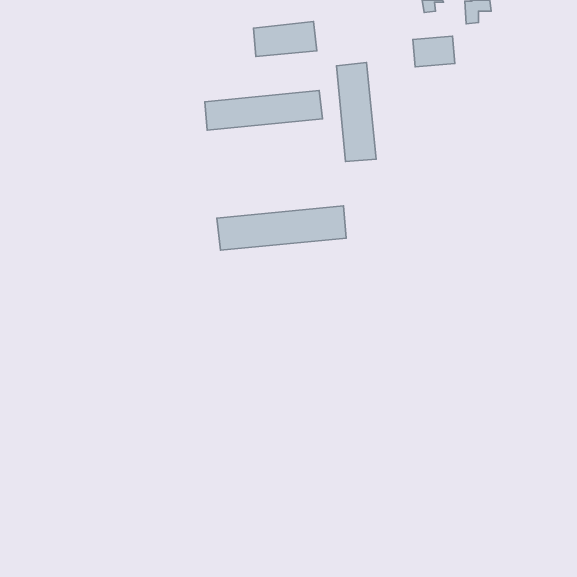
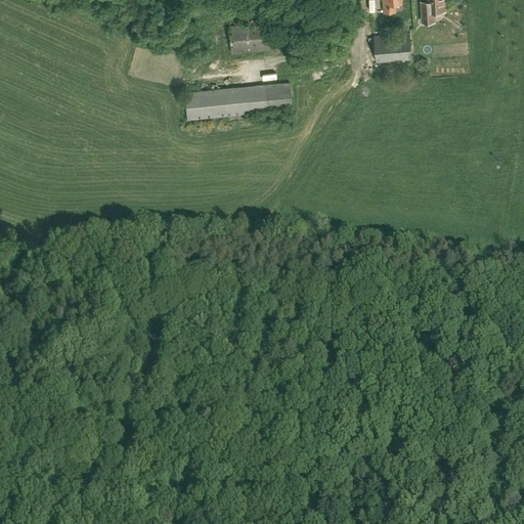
building: [336,63,376,162] -> none
building: [217,206,346,250] -> none

